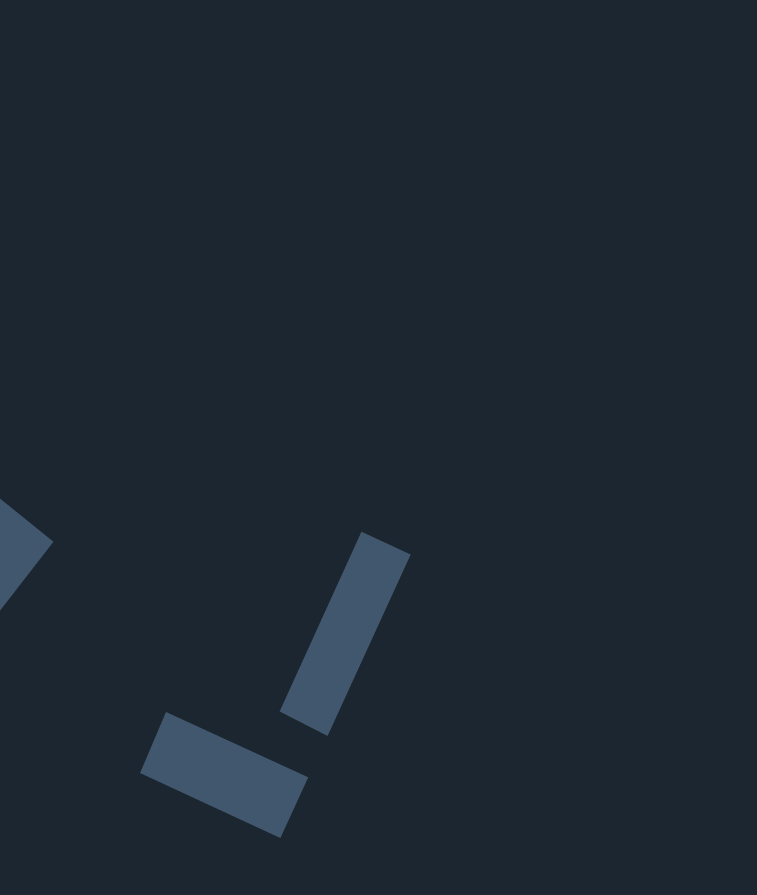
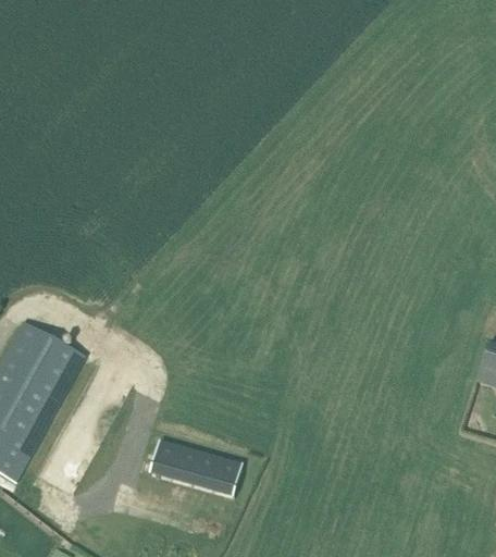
building: [279,531,412,737] -> none

